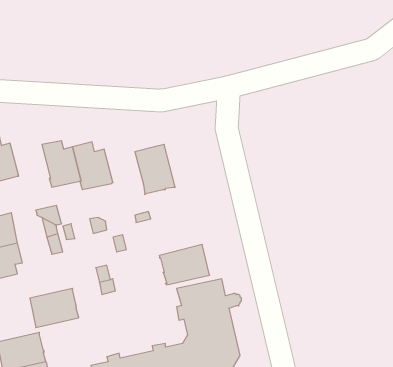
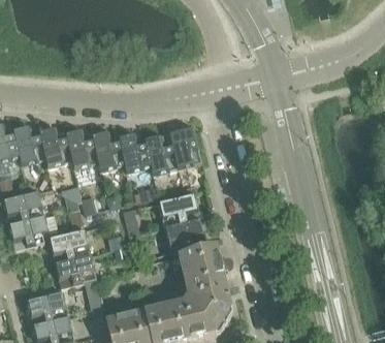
building: none -> [167,126,201,168]
building: none -> [37,127,71,167]
building: none -> [117,132,150,173]
building: none -> [157,193,199,226]
building: none -> [47,228,90,262]

